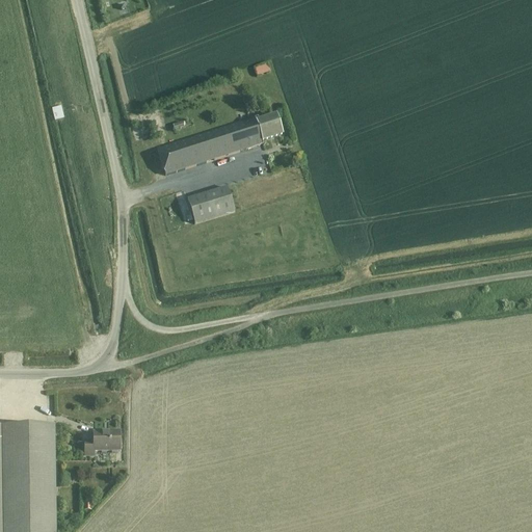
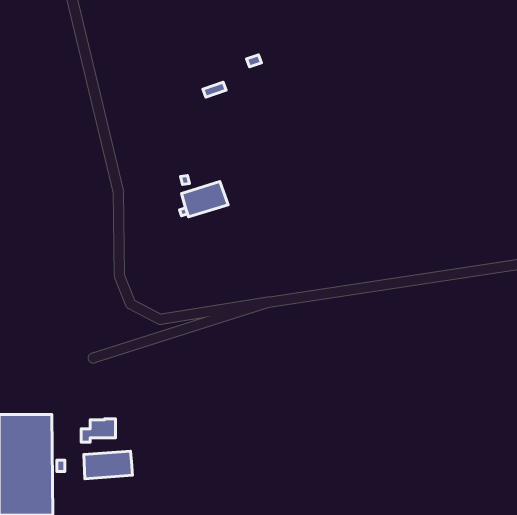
building: [156,114,281,175] -> none
building: none -> [84,451,132,479]

